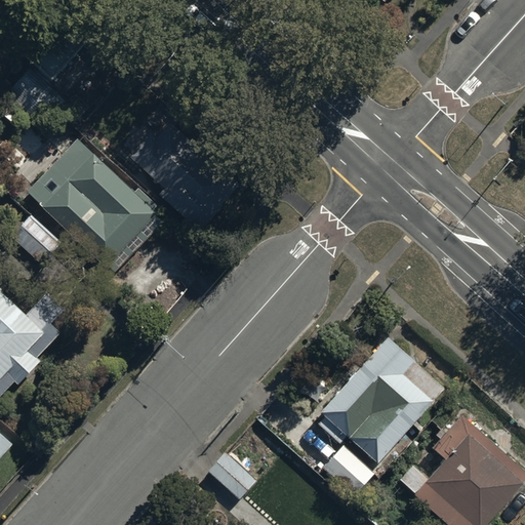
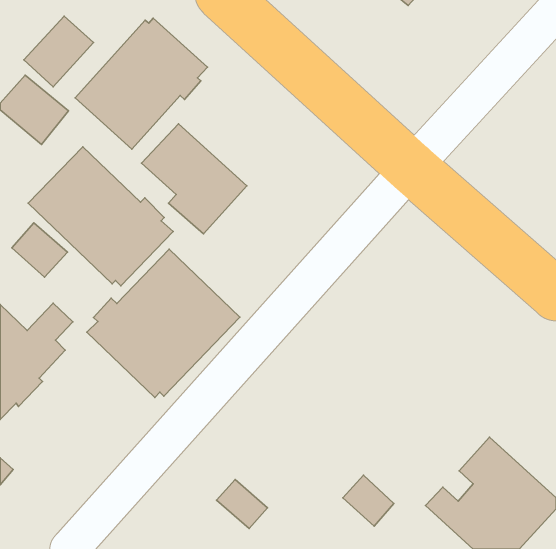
building: none -> [75,18,208,149]
building: none -> [87,249,240,398]
building: [316,342,434,468] -> none

